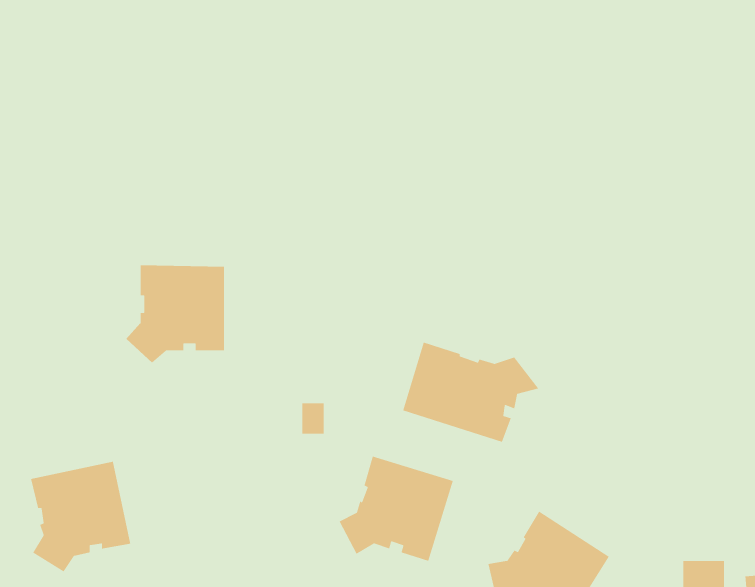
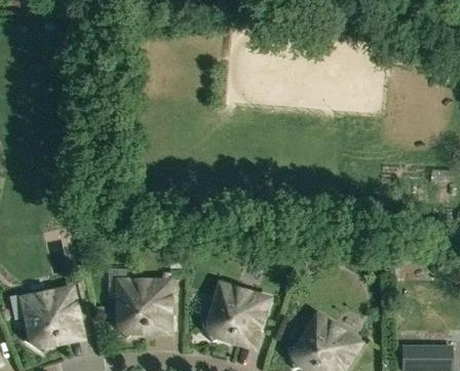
building: [126,264,225,363] -> [111,276,168,334]
building: [402,341,539,443] -> none

